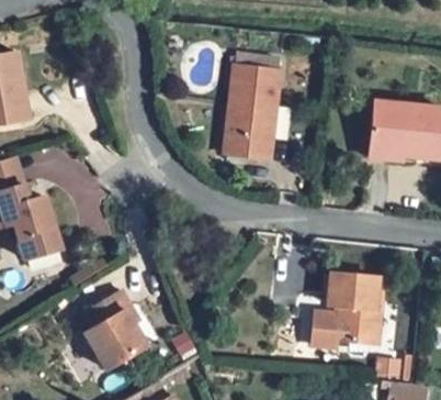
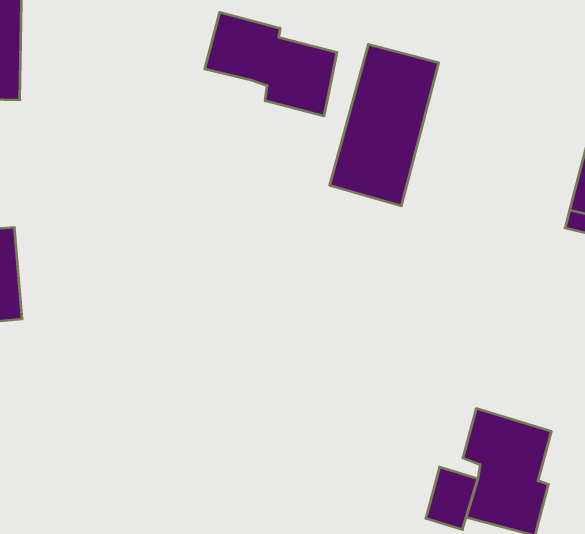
building: none -> [205,12,337,116]
building: [84,297,148,375] -> none

